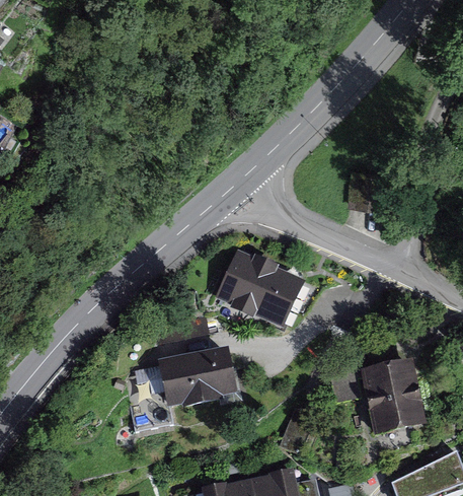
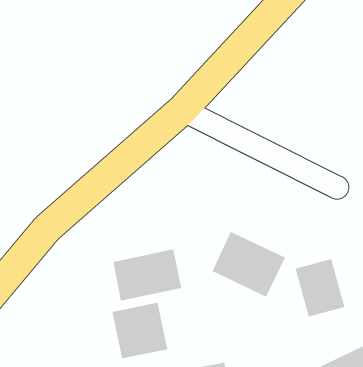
building: [211,250,300,330] -> [211,231,286,298]
building: none -> [112,302,168,359]

